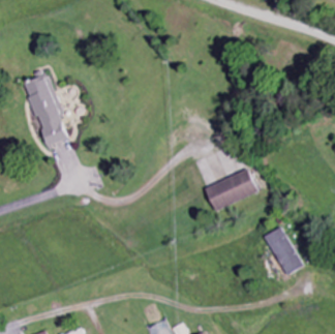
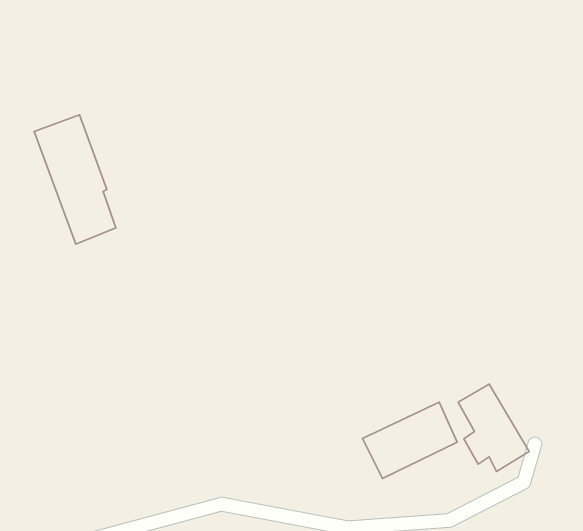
building: [202,169,255,212] -> [363,402,457,479]

